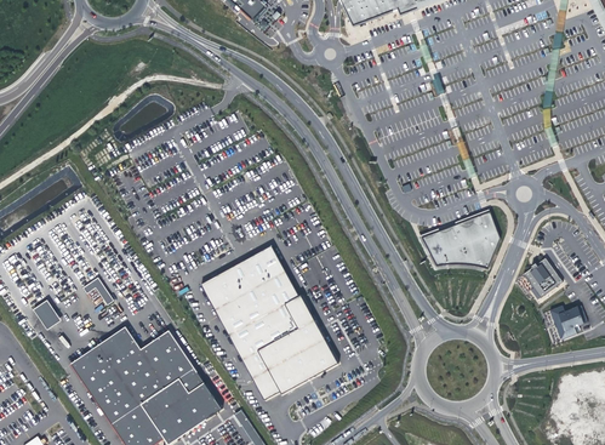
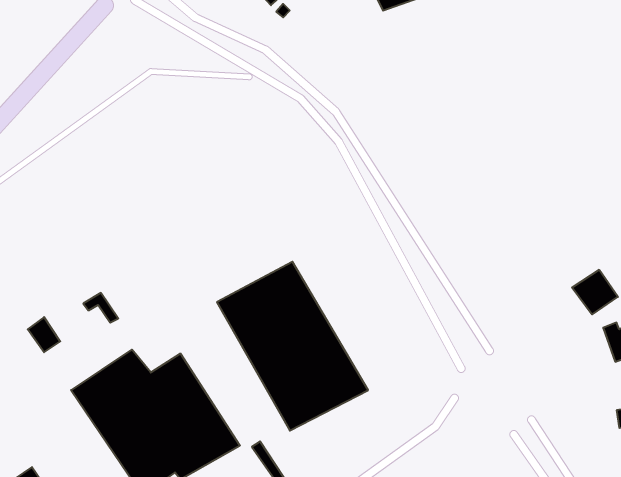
building: [418,209,500,267] -> none

